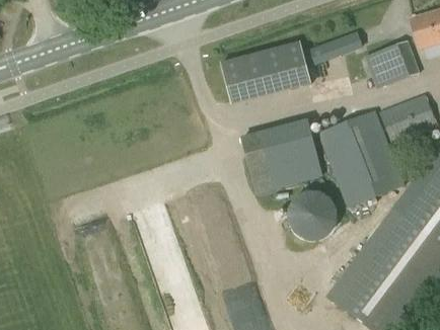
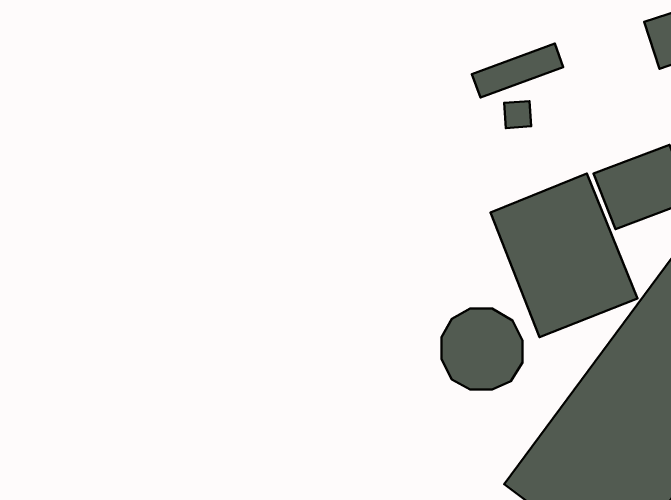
building: [365,39,421,87] -> none
building: [221,42,310,100] -> none
building: [241,117,324,193] -> none

